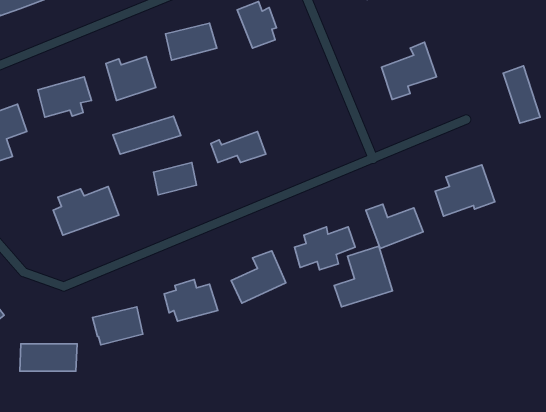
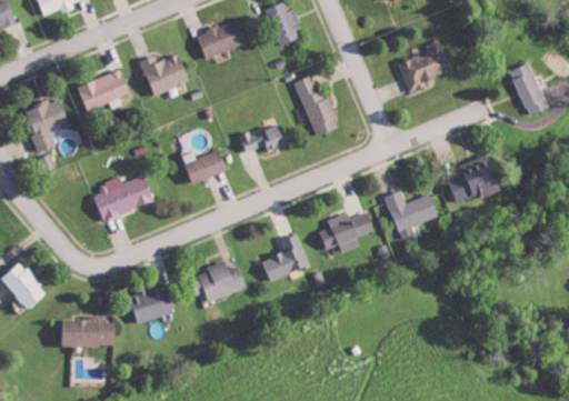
building: none -> [292,73,336,137]
building: [113,116,181,154] -> none
building: [334,246,392,307] -> none

